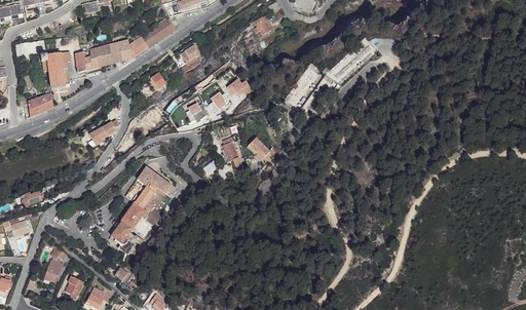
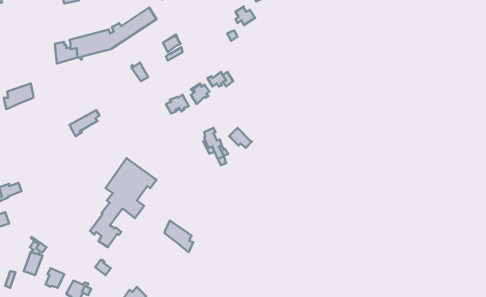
building: [41,50,71,87] -> none
building: none -> [165,220,193,252]

